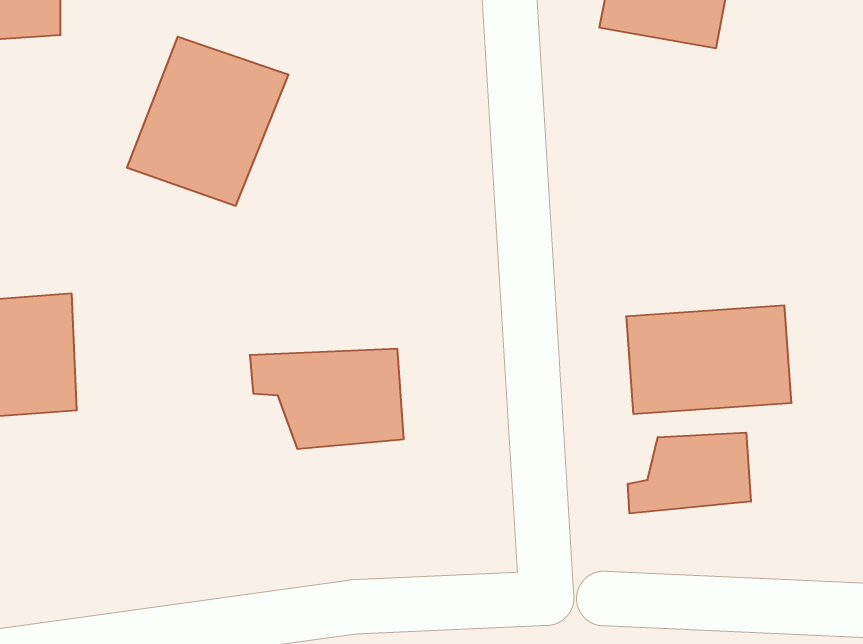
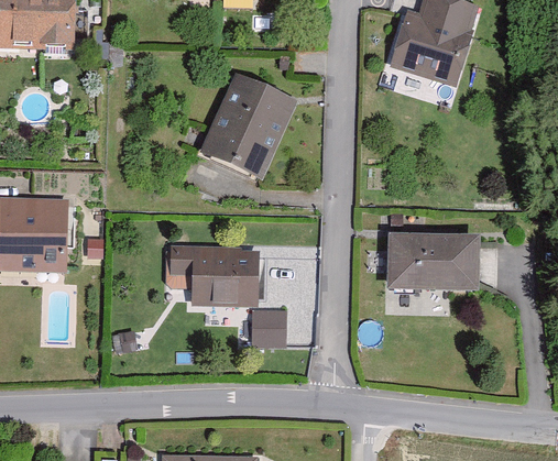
building: [127,37,289,206] -> [194,74,295,177]
building: [628,433,751,513] -> none
building: none -> [252,308,286,344]

